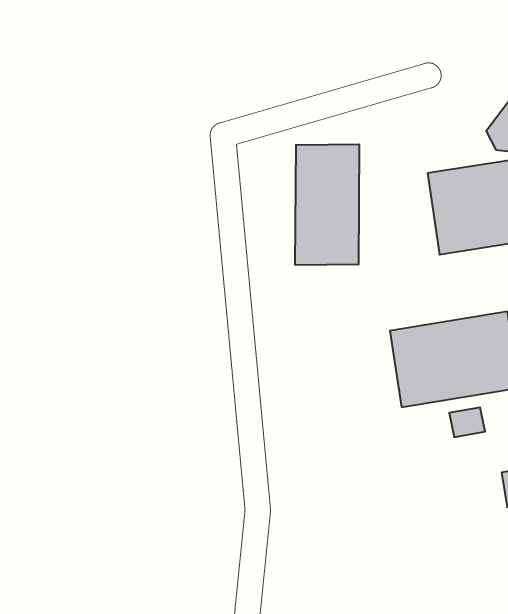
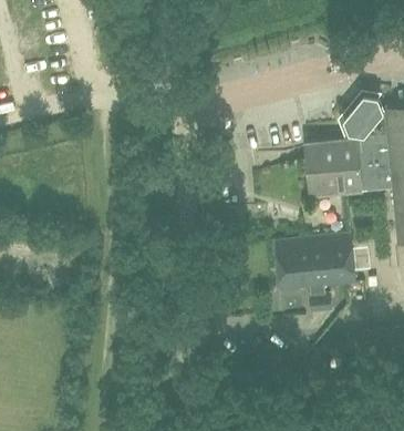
building: [295,144,359,265] -> none

